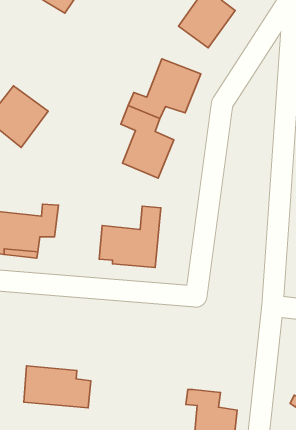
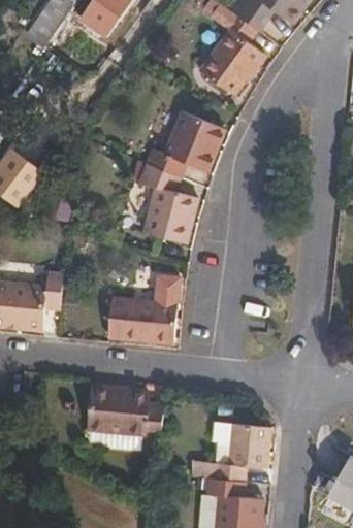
building: none -> [215,421,271,480]
building: [24,366,91,408] -> [92,388,166,434]

